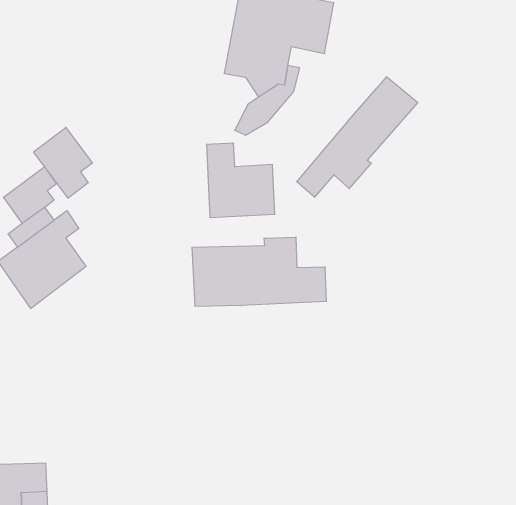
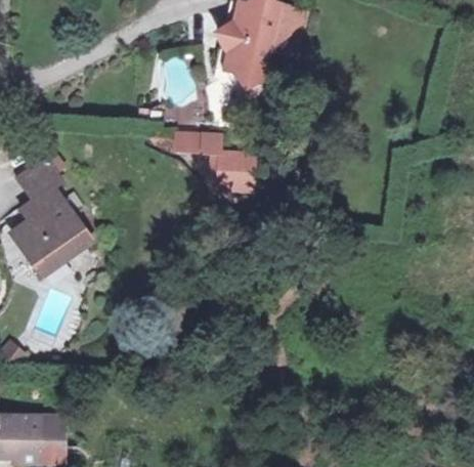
building: [297,77,418,197] -> none
building: [34,127,92,198] -> none
building: [192,237,326,306] -> none

